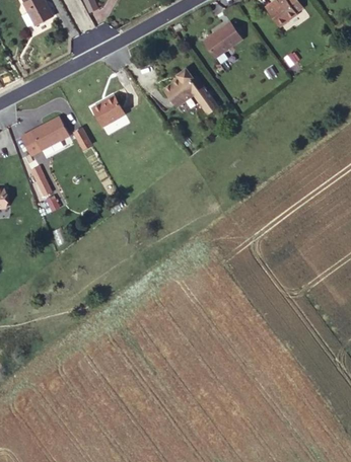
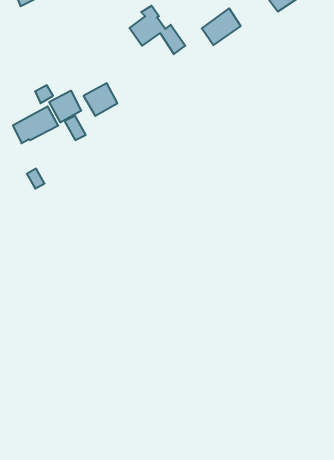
building: [165,70,219,117] -> [129,6,185,54]
building: none -> [49,91,81,122]

